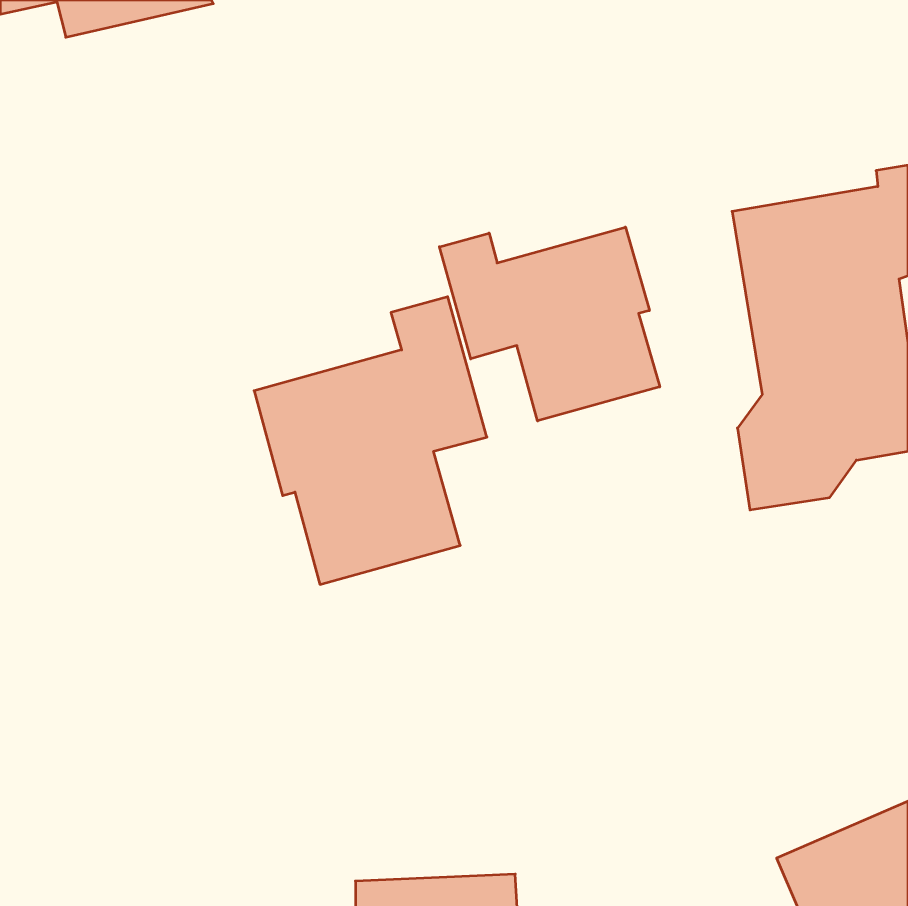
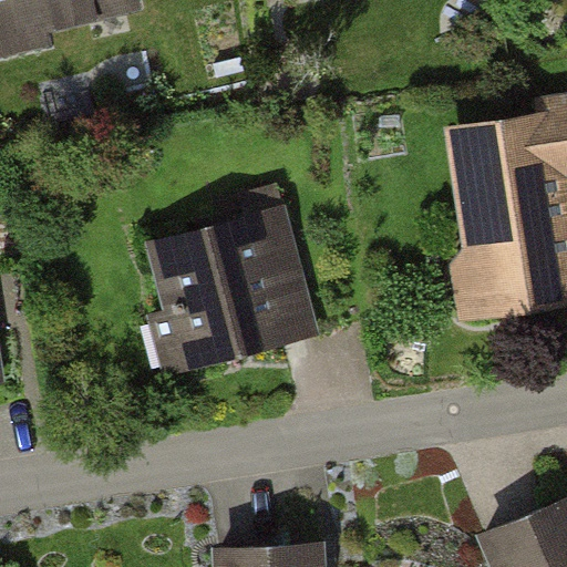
building: [439,227,660,421] -> none

